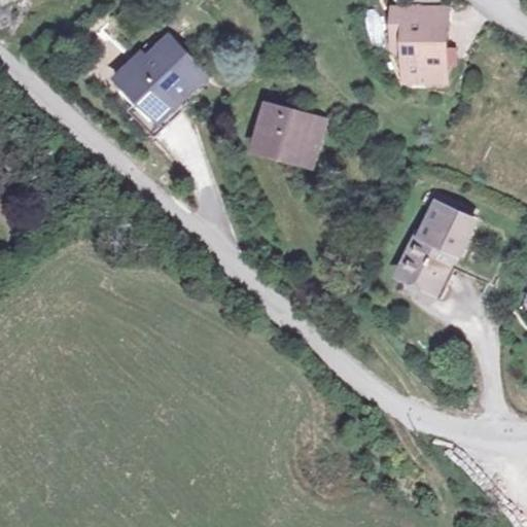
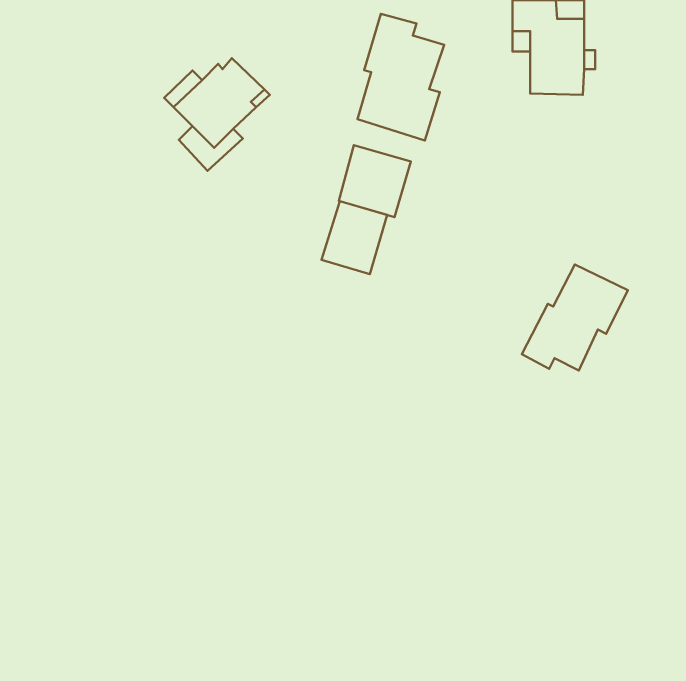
building: none -> [358,14,444,140]
building: none -> [322,201,387,274]

